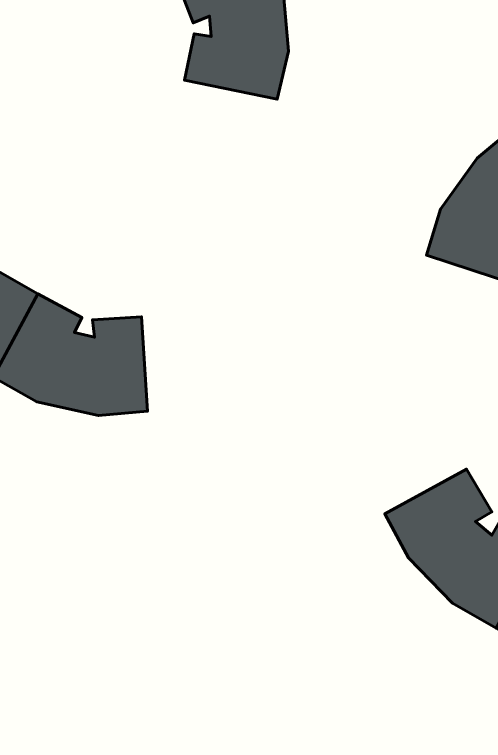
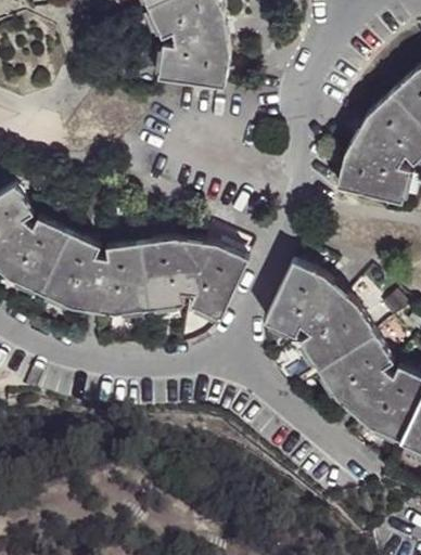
building: none -> [140,240,247,321]
building: none -> [265,262,372,369]

